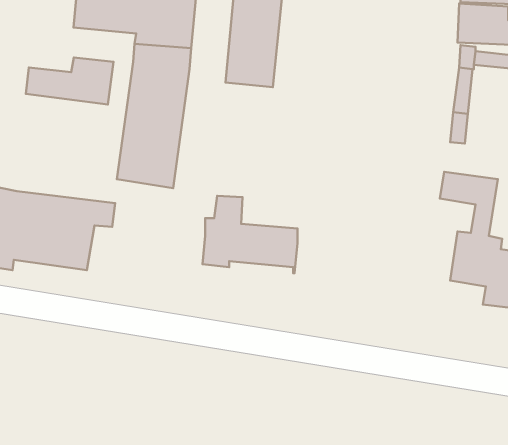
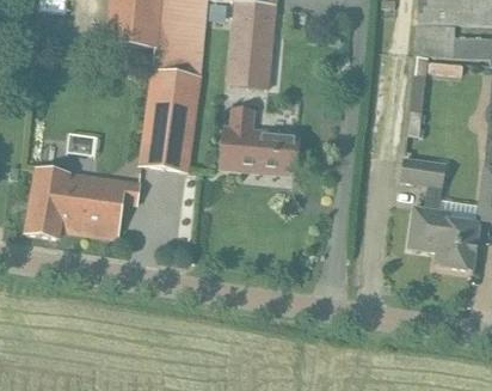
building: [26,58,114,105] -> none
building: [202,196,298,273] -> [221,111,297,173]

